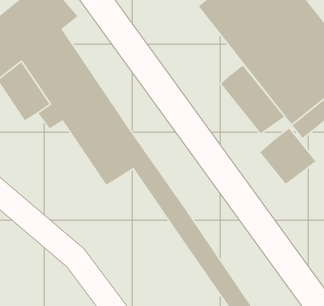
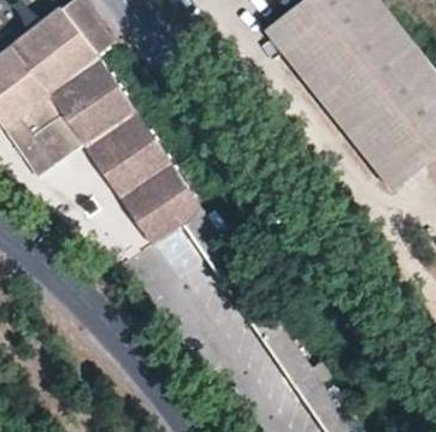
building: [220,65,285,134] -> none
building: [259,128,317,185] -> none

